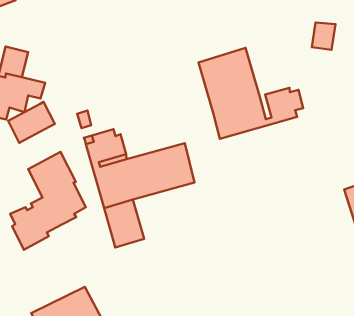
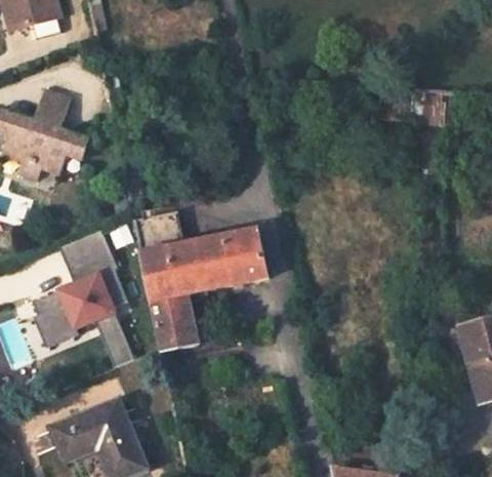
building: [199,48,303,139] -> none
building: [8,102,55,143] -> none
building: none -> [95,311,135,366]

